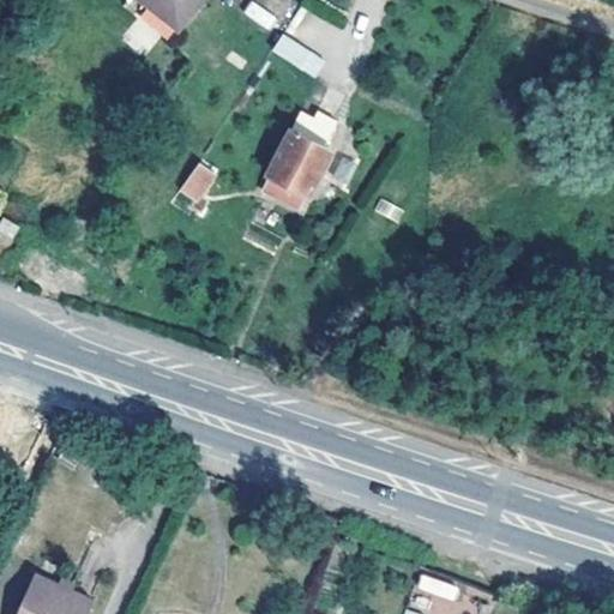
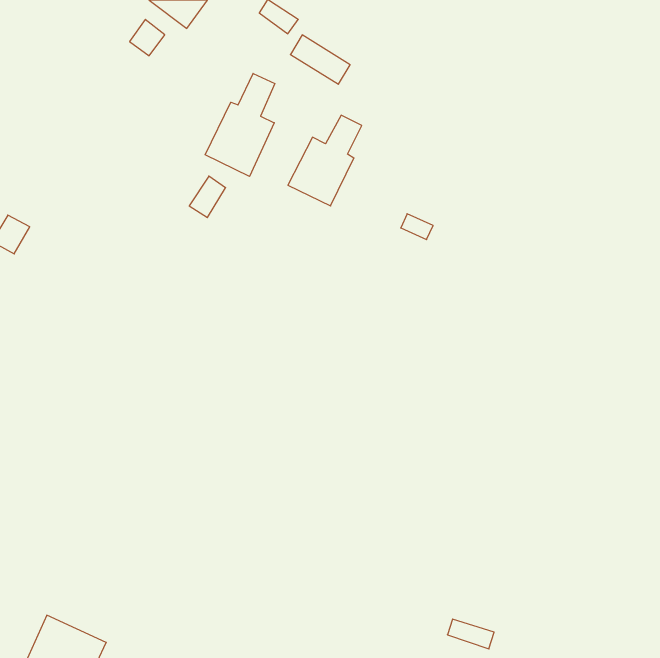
building: none -> [205,73,275,176]

